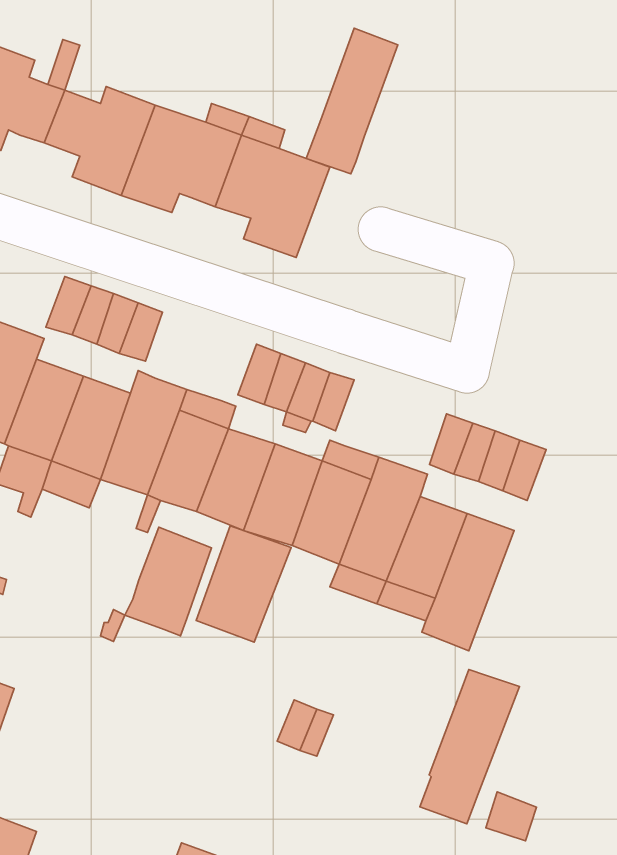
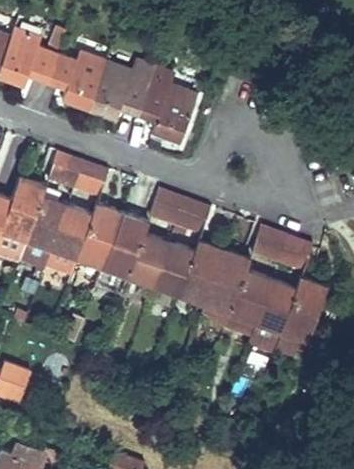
building: [306,28,398,174] -> none
building: [196,526,291,642] -> none
building: [125,527,212,636] -> none
building: [420,670,519,824] -> [274,276,327,358]

